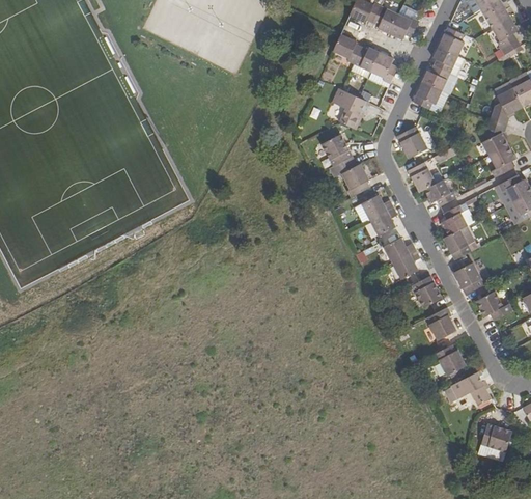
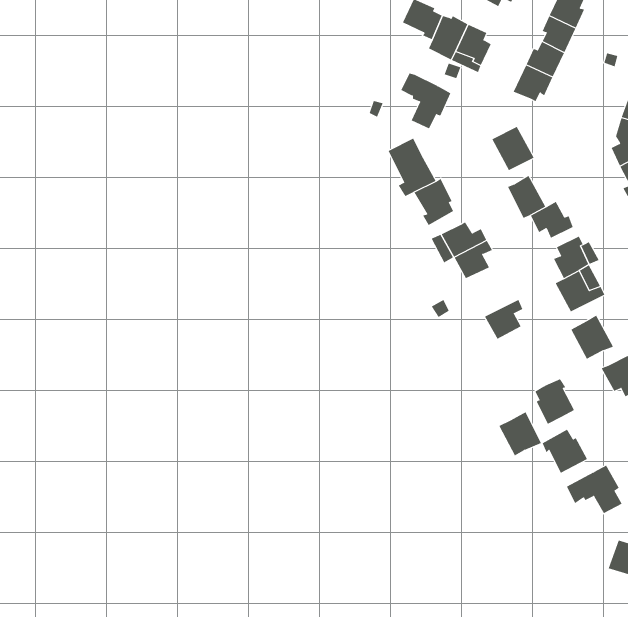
building: [383,237,416,262] -> none
building: [411,275,442,307] -> [499,412,542,456]

